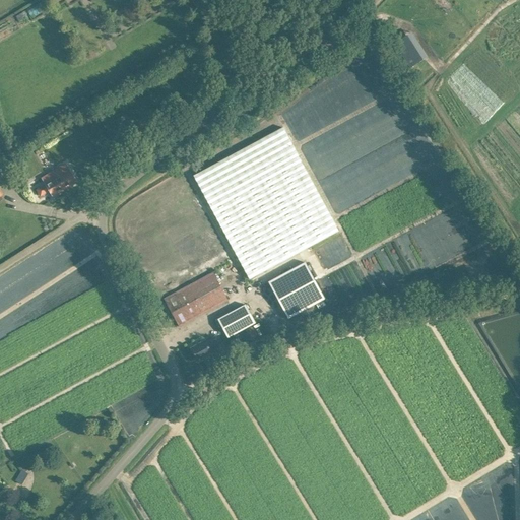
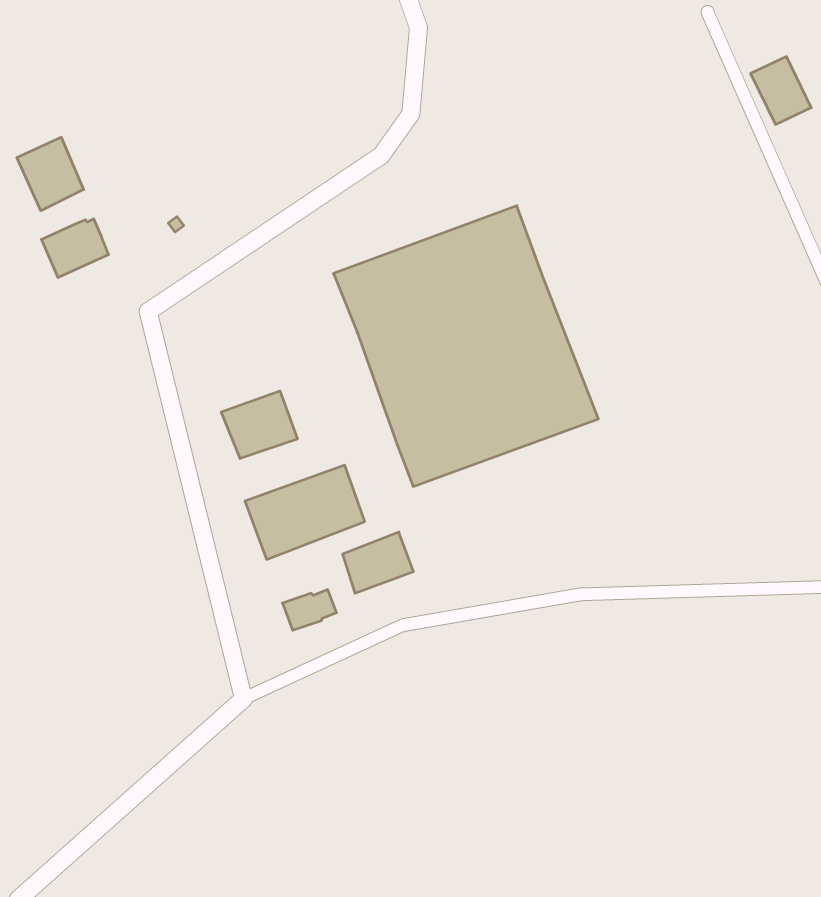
building: none -> [17,137,84,211]
building: none -> [221,391,297,459]
building: [268,261,324,318] -> none

